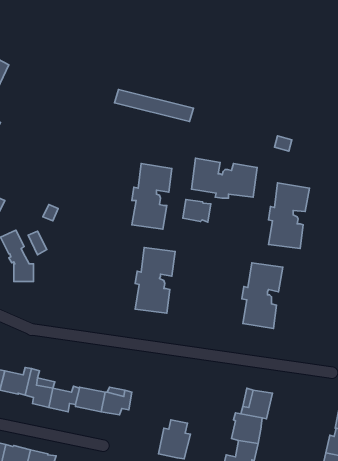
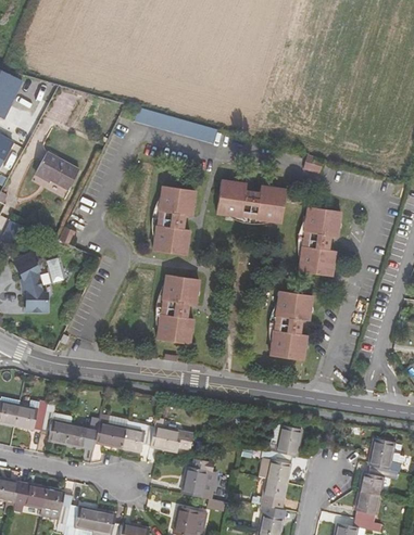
building: none -> [36,153,78,190]
building: [183,200,211,222] -> none
building: none -> [150,418,193,451]

